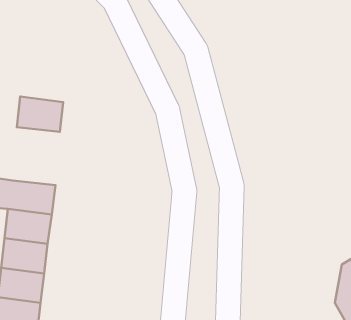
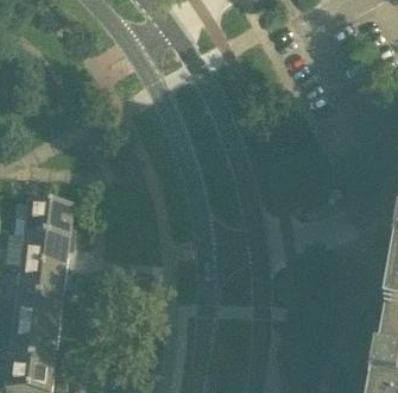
building: [17,97,63,132] -> [26,198,75,235]

